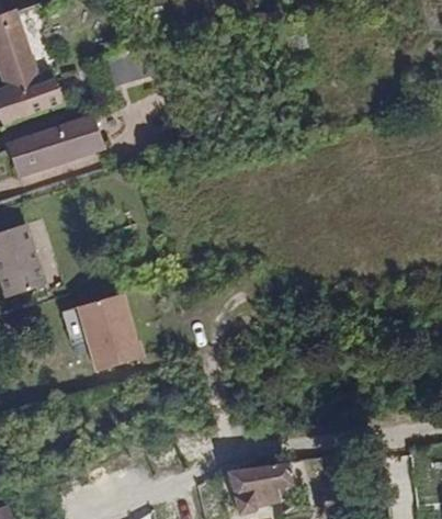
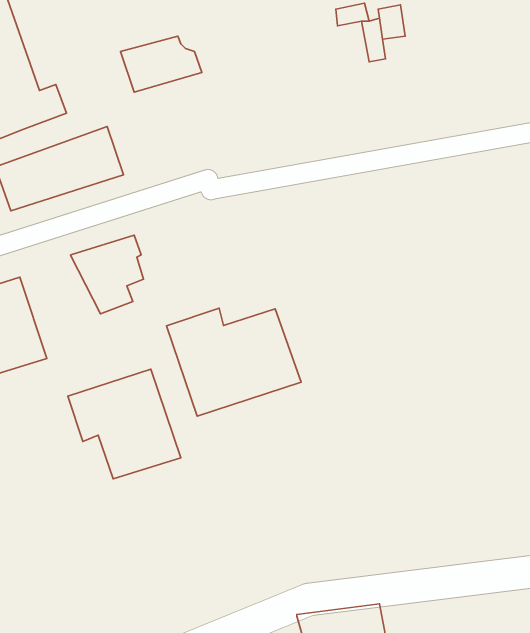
building: none -> [70,235,144,314]
building: none -> [166,308,301,416]

